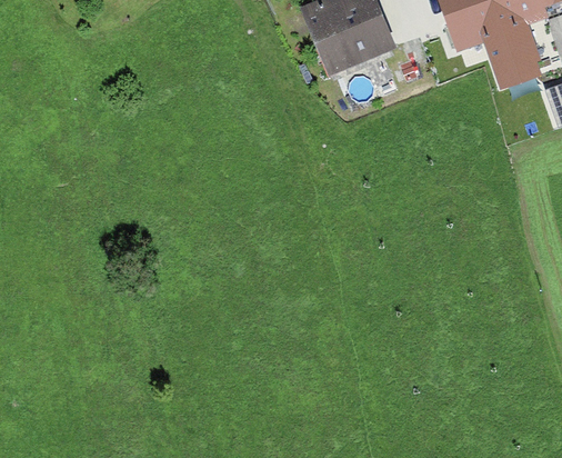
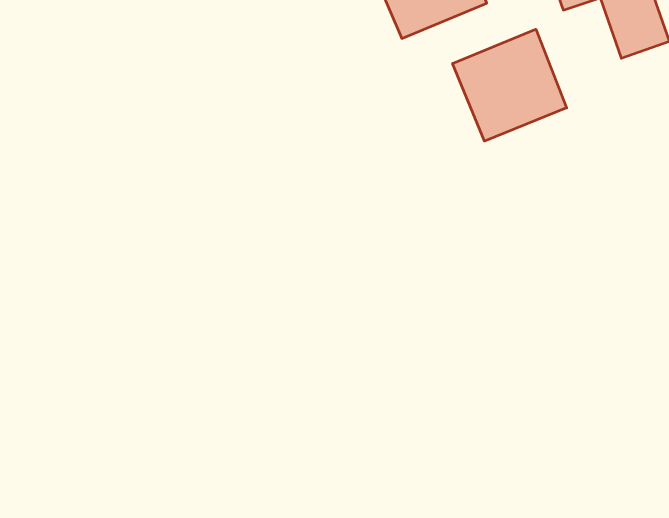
building: none -> [453,29,567,141]

